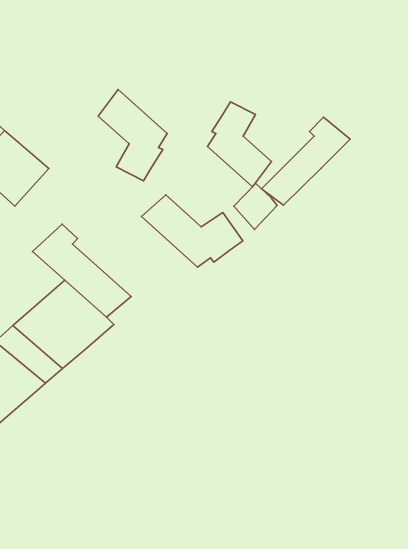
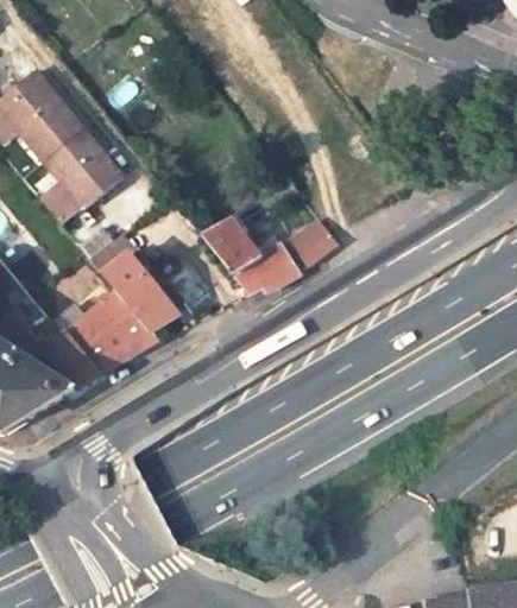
building: [98,90,167,181] -> none
building: [208,102,272,187] -> none
building: [262,117,350,205] -> none

